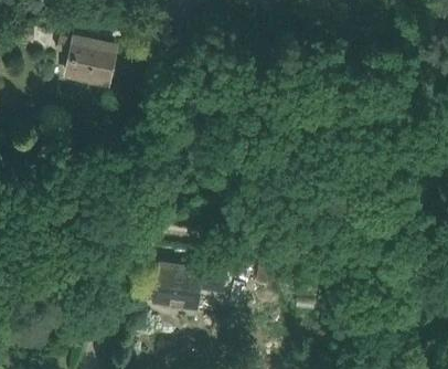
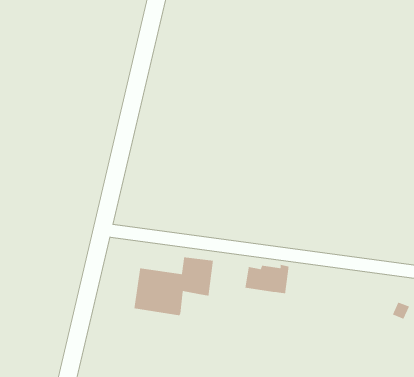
building: [56,39,116,85] -> none

